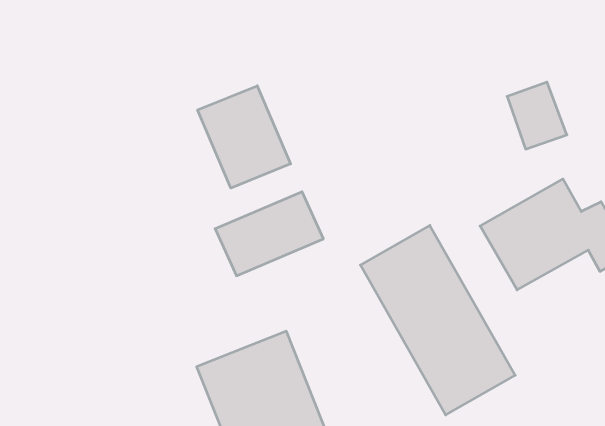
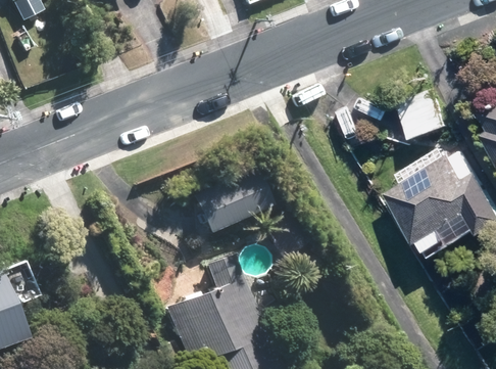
building: [198,86,291,188] -> none
building: [360,225,515,415] -> none

